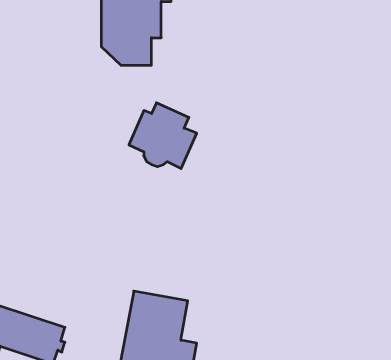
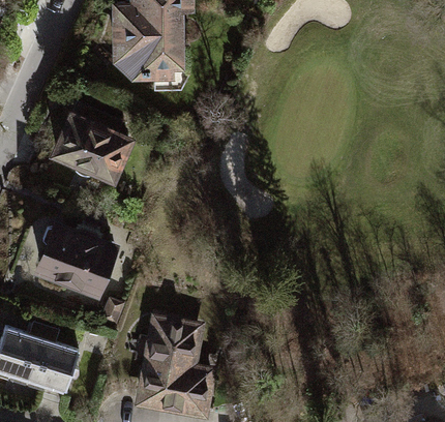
building: [129,103,197,169] -> [57,111,128,180]
building: none -> [39,223,113,292]

